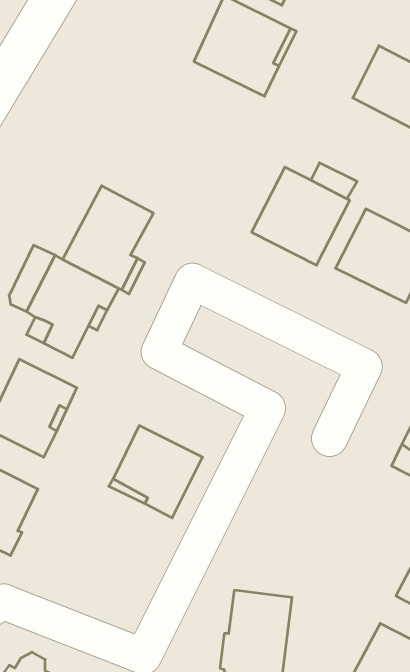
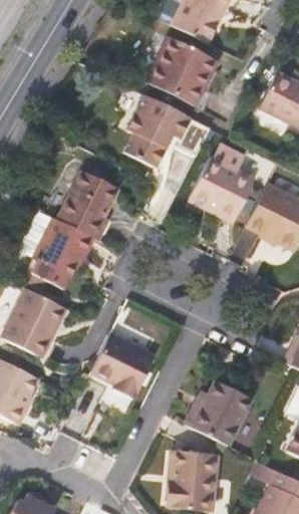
building: none -> [122,93,191,167]
building: none -> [191,384,255,448]

